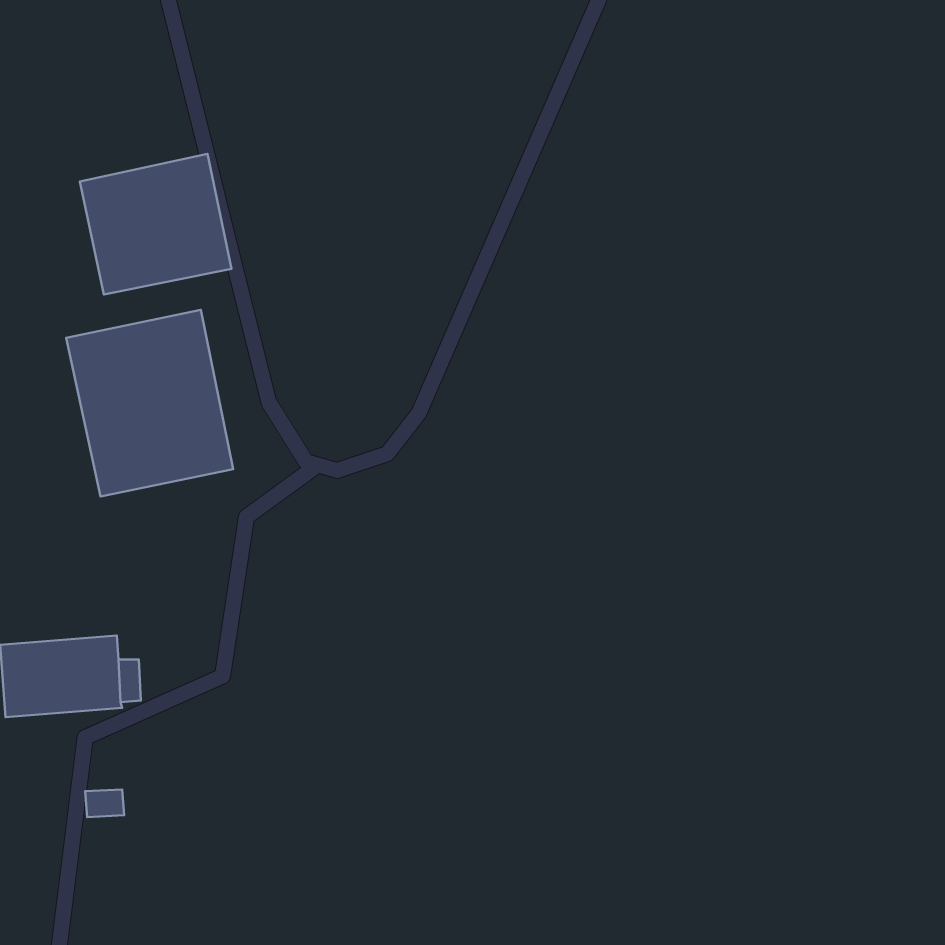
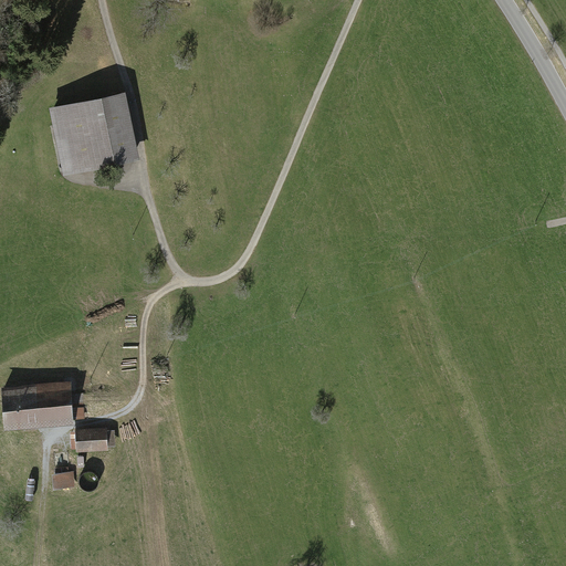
building: [66,310,233,496] -> none
building: none -> [70,428,114,452]

